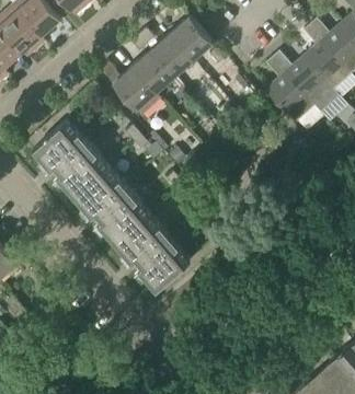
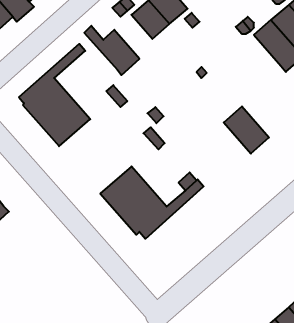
building: [133,49,174,97] -> none
building: [265,71,314,123] -> [224,106,269,154]
building: [72,163,151,244] -> none

